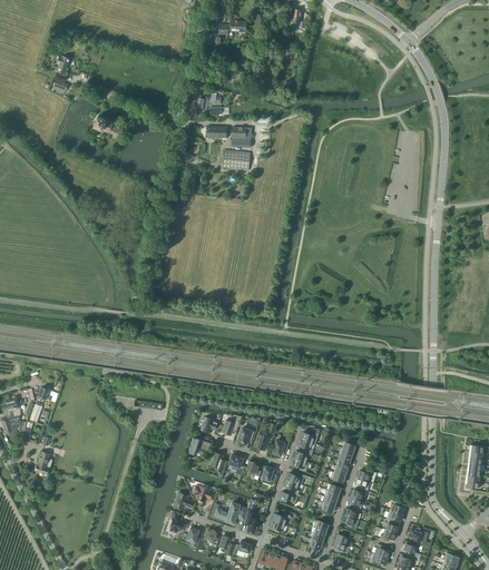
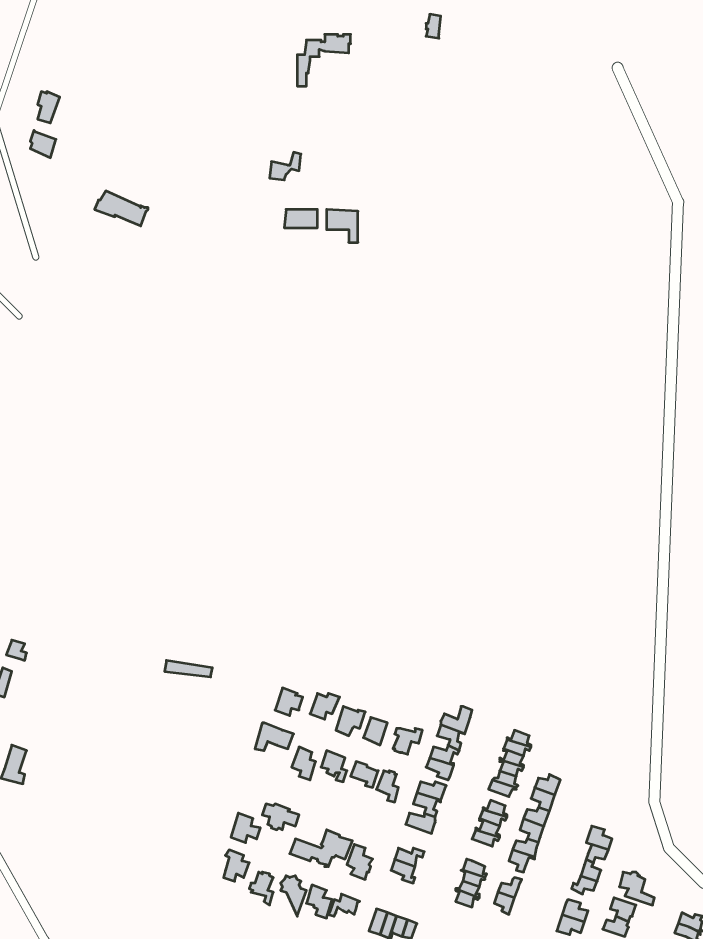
building: [222,150,251,170] -> none

